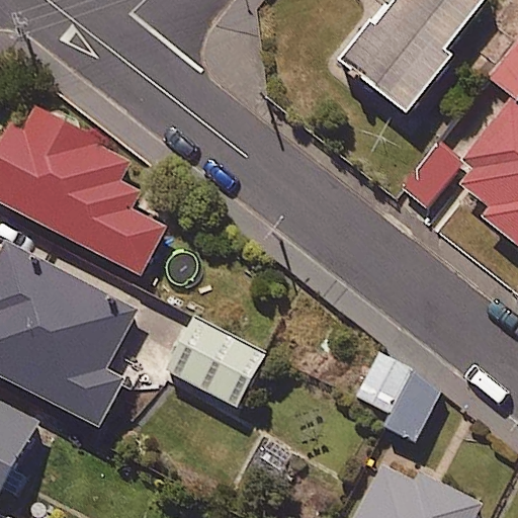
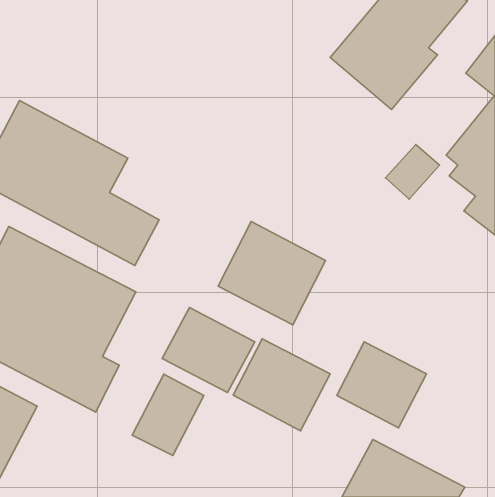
building: none -> [218,222,325,325]
building: none -> [233,339,330,431]
building: none -> [132,374,204,456]

